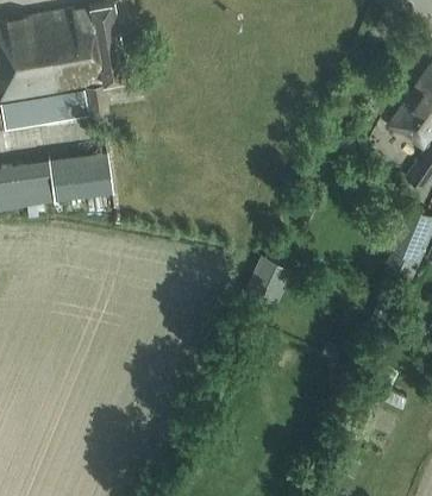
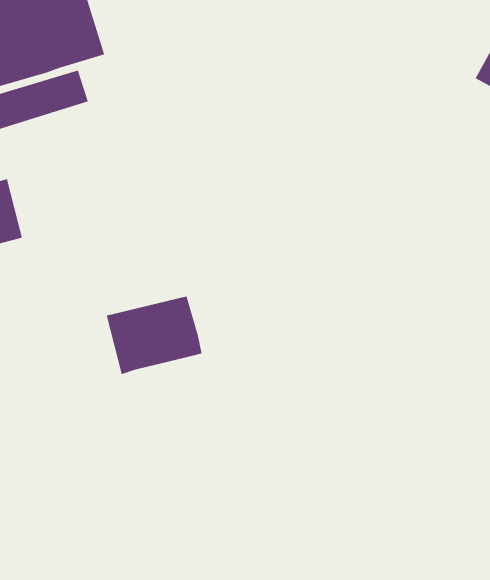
building: [48,151,113,202] -> [106,296,202,375]
building: [244,260,282,312] -> none

